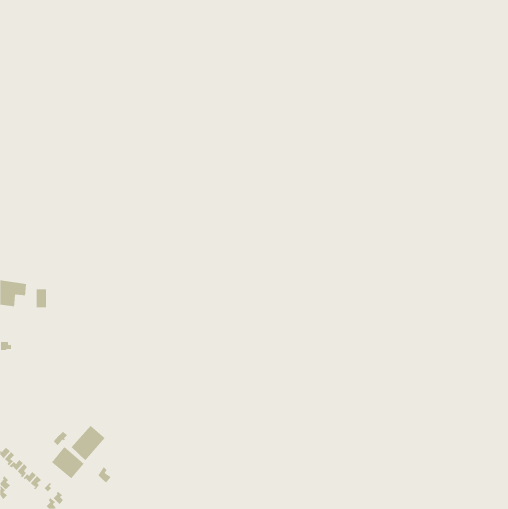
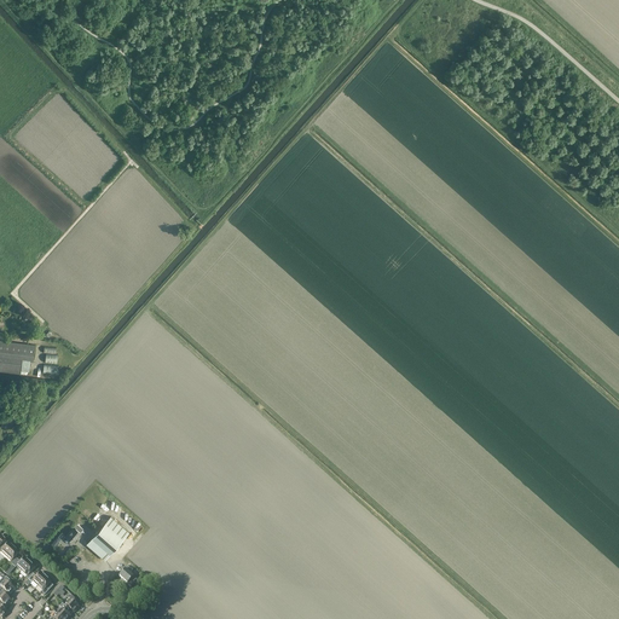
building: [51,446,85,479] -> none

